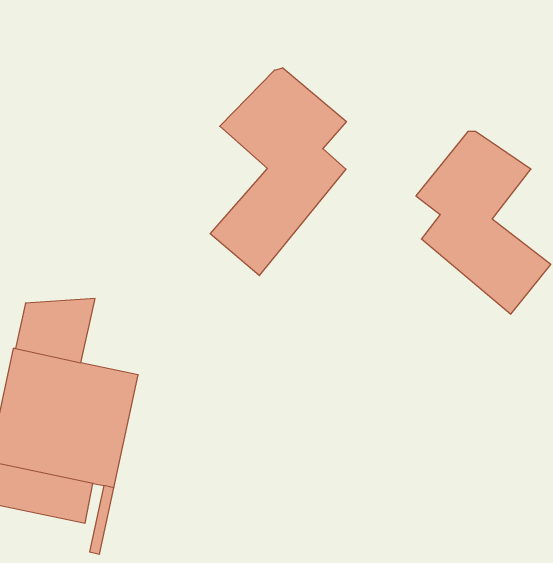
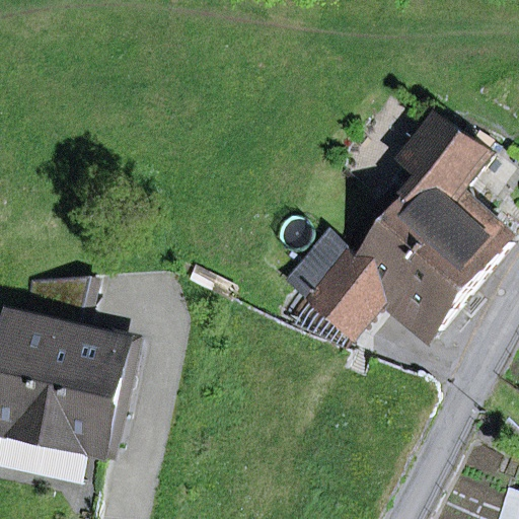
building: [210,68,346,276] -> none
building: none -> [288,219,468,339]

